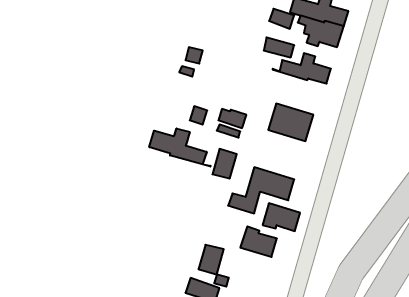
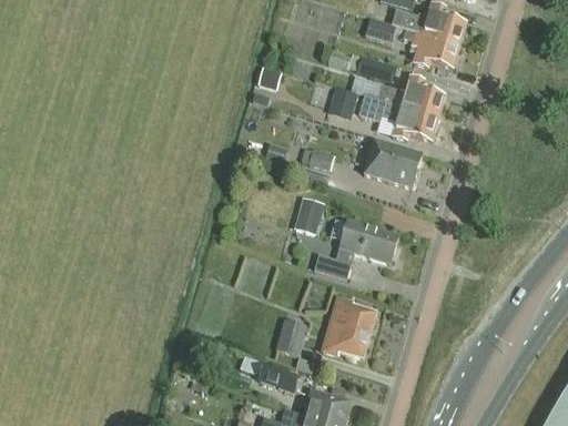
building: none -> [327,88,358,120]
building: none -> [358,95,438,141]
building: [149,128,211,167] -> none
building: [263,203,300,231] -> [321,323,368,358]

